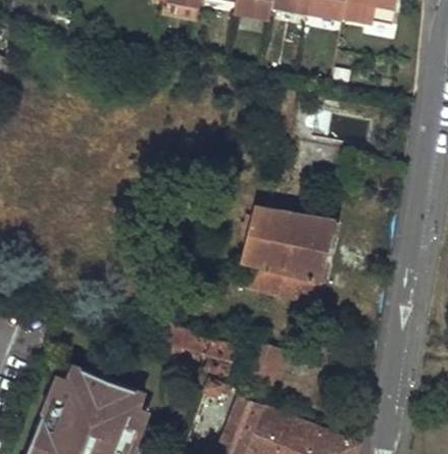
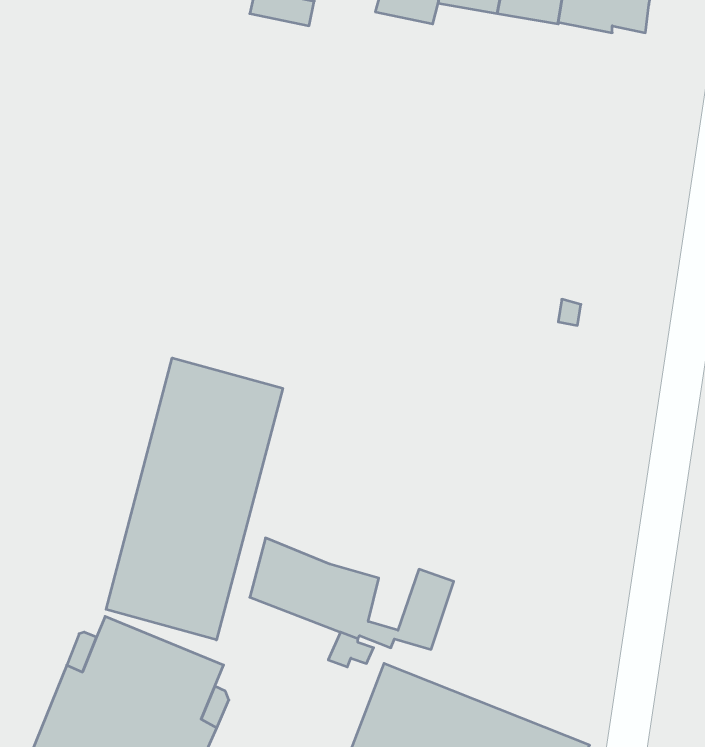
building: [238,201,335,303] -> none
building: none -> [106,358,283,640]

